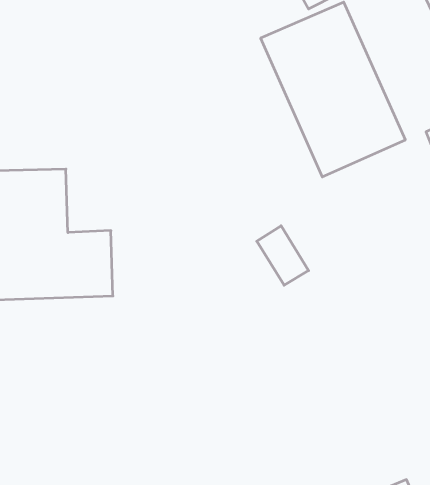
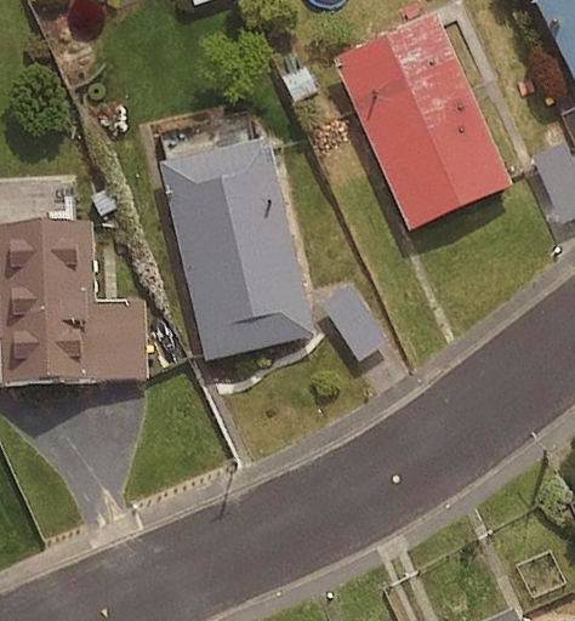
building: none -> [159,135,313,359]

